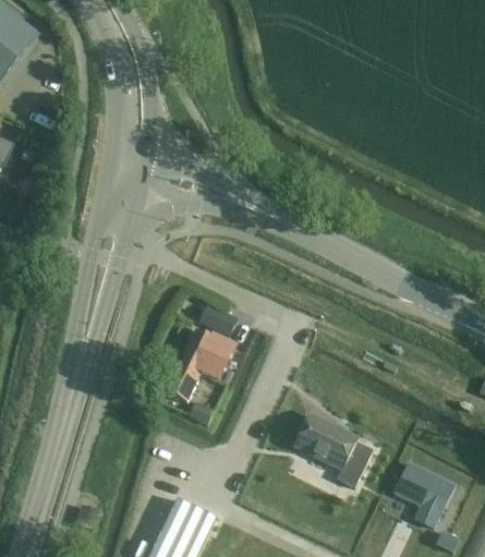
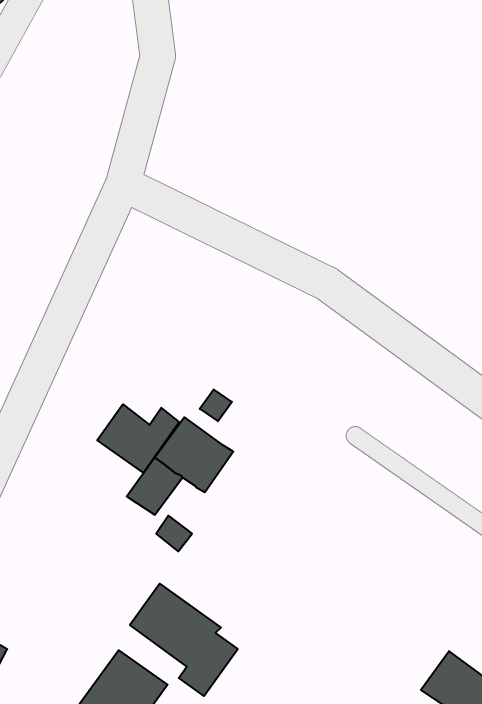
building: none -> [97,404,179,473]
building: [293,412,372,486] -> [130,584,238,696]

